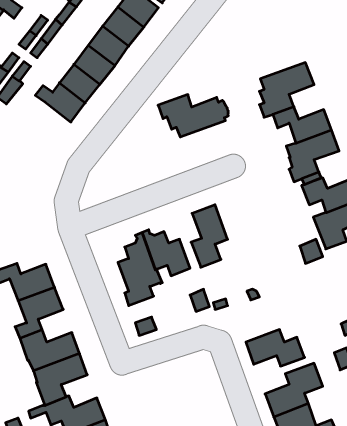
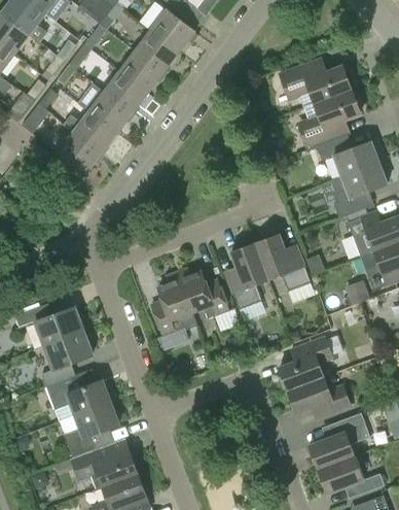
building: [158,95,228,137] -> [280,62,355,107]
building: none -> [58,132,101,174]
building: none -> [255,234,311,291]
building: none -> [279,336,332,389]

